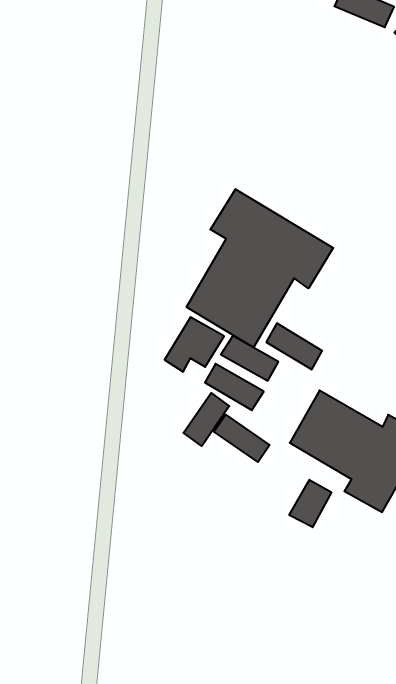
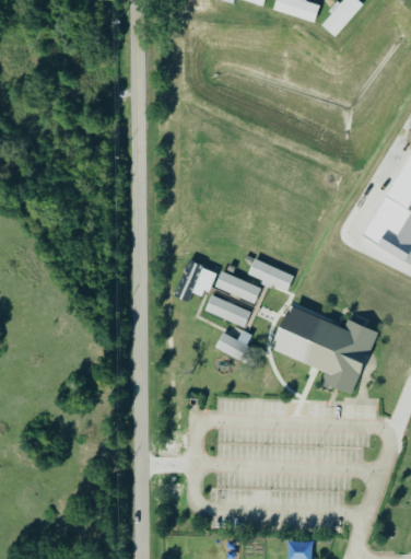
building: [187,189,333,347] -> none
building: [183,393,229,446] -> none
building: [289,480,331,527] -> none

